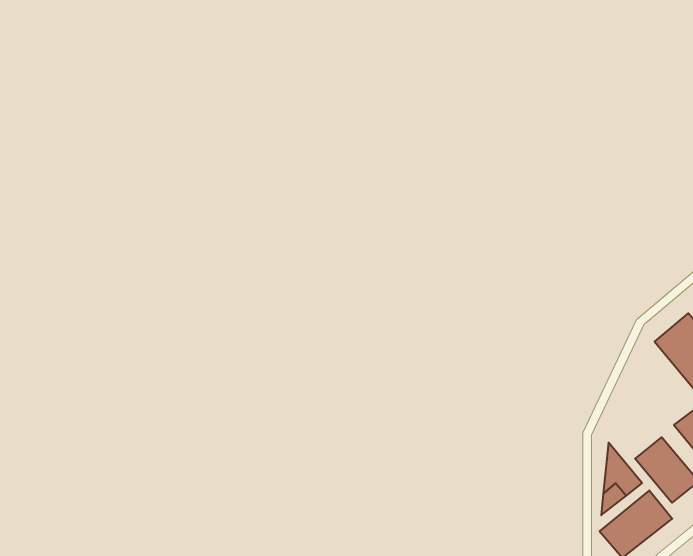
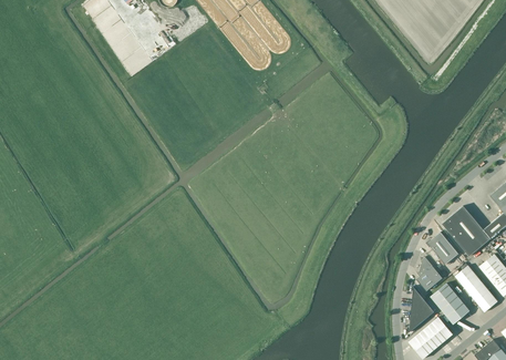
building: none -> [427,233,458,265]
building: none -> [416,257,442,291]

